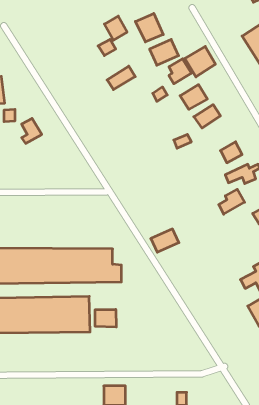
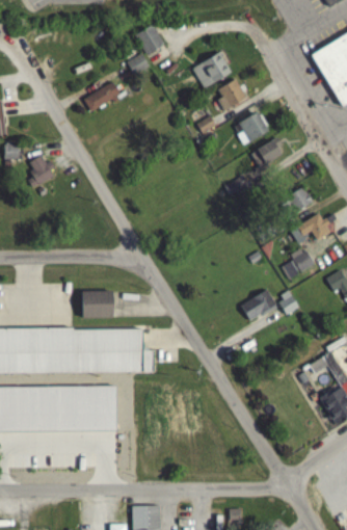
building: [135,13,163,42] -> none
building: [185,46,215,77] -> none
building: [107,66,135,90] -> [84,82,121,112]
building: none -> [81,291,113,319]
building: [151,229,179,252] -> [241,291,277,321]
building: [95,309,116,327] -> none

